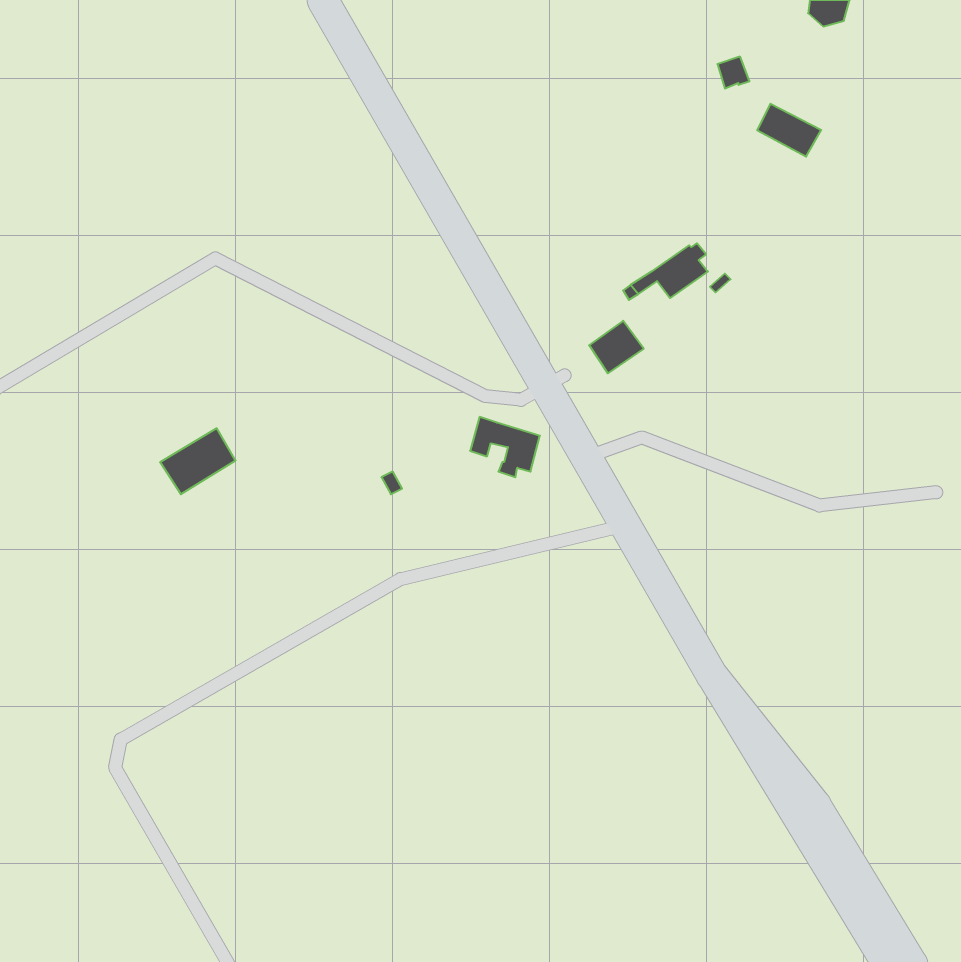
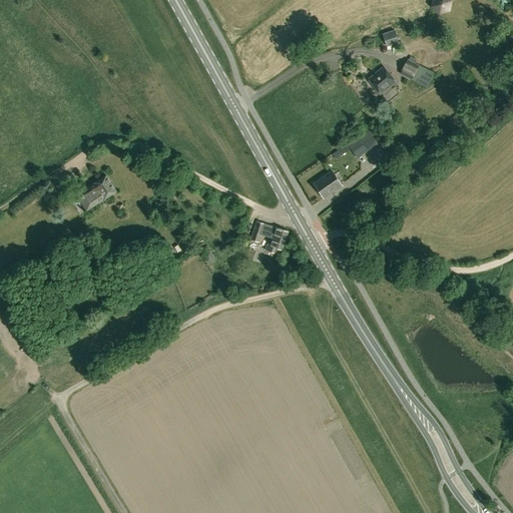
building: none -> [367,67,396,96]
building: [160,428,236,494] -> [75,176,115,211]

